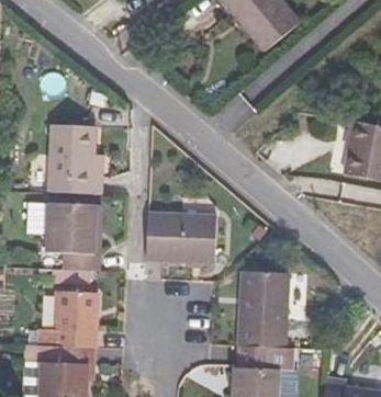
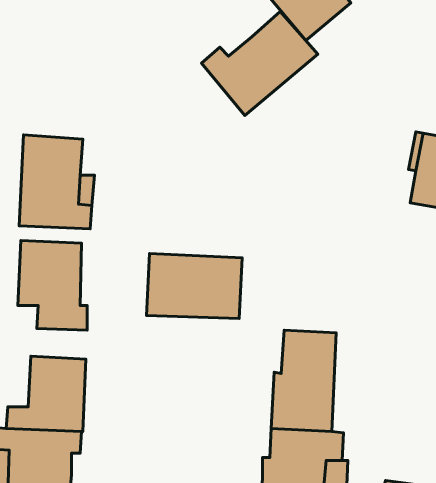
building: none -> [202,12,318,116]

